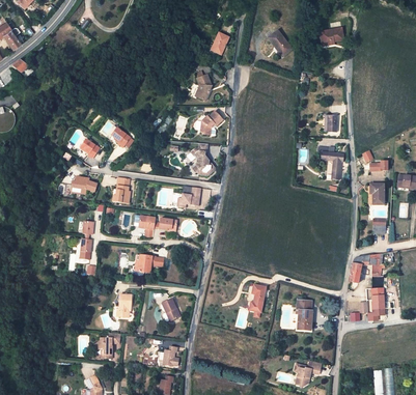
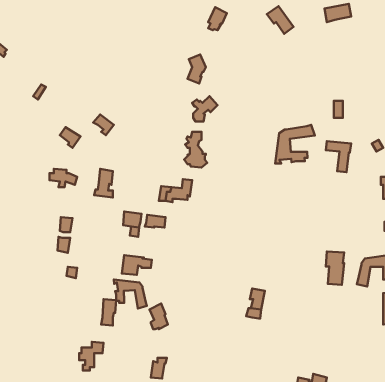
building: none -> [275,125,315,163]
building: none -> [114,279,147,308]
building: [296,300,312,330] -> [326,251,344,285]

